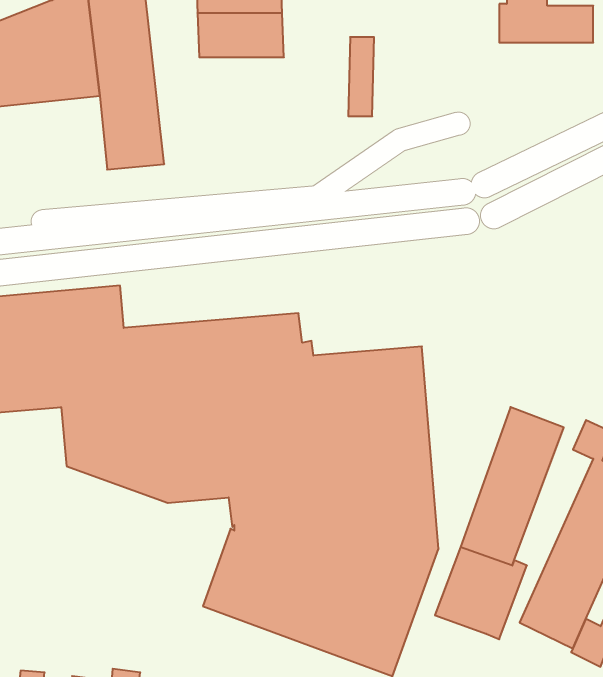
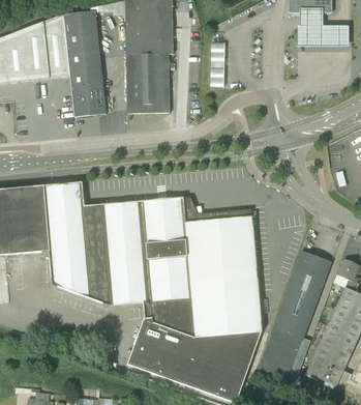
building: none -> [126,54,170,113]

